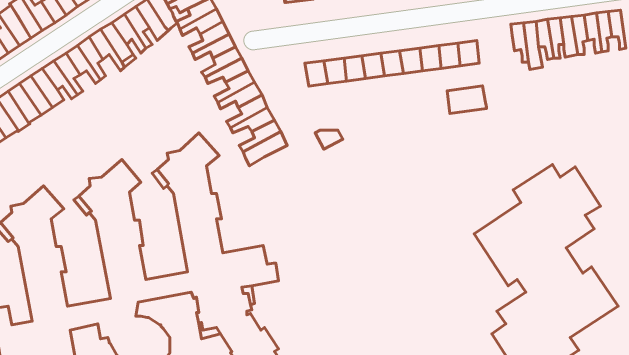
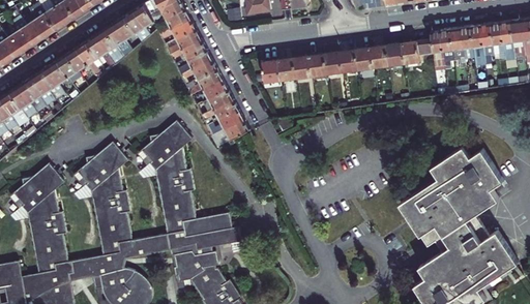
building: [447,86,486,114] -> [403,40,435,63]

